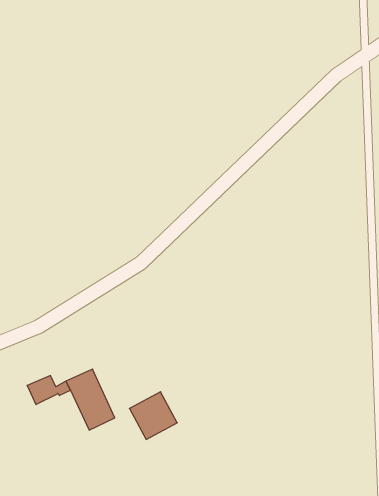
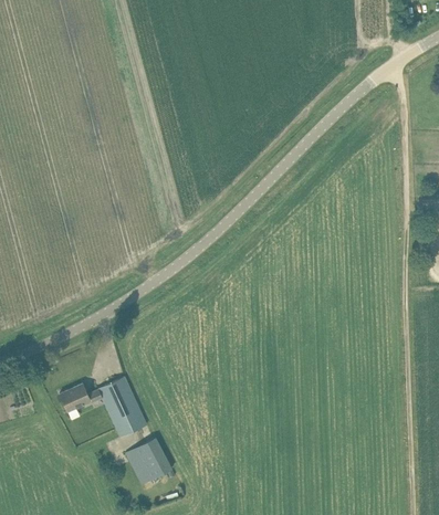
building: [129,392,177,439] -> [125,438,173,485]

